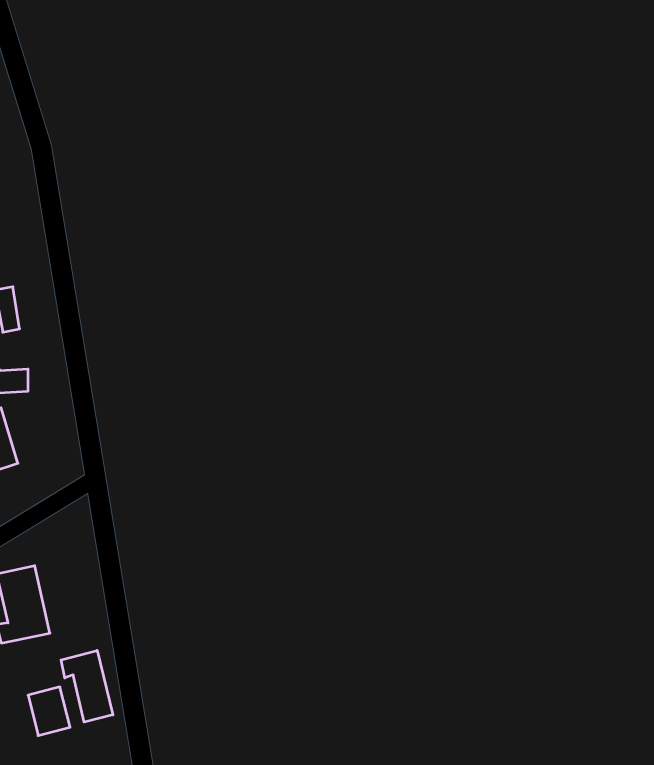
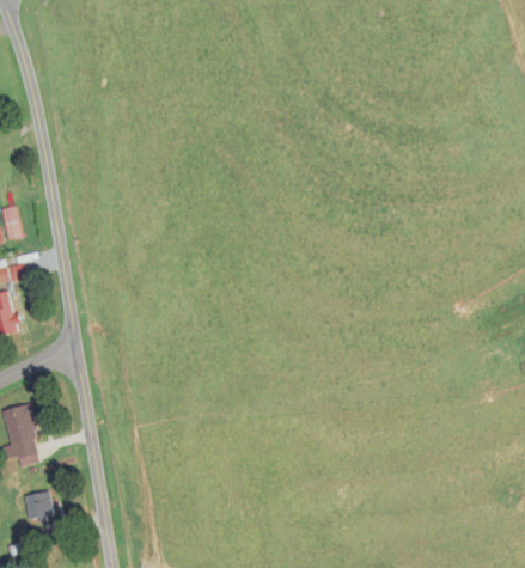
building: [61,650,113,722] -> none

